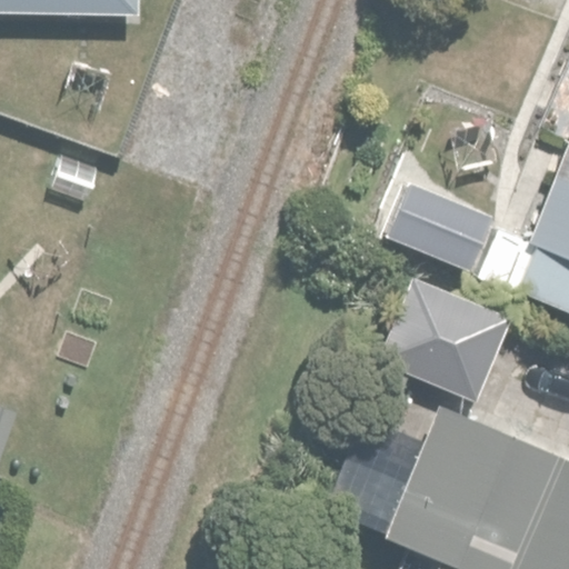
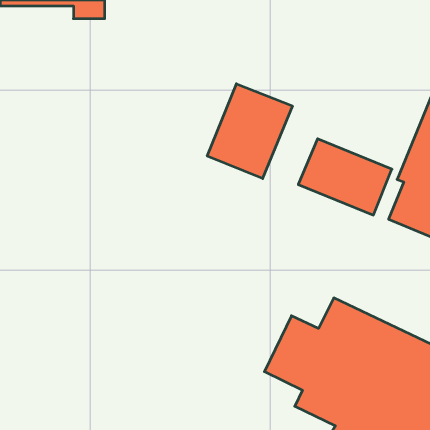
building: none -> [207,84,292,179]
building: [388,293,506,395] -> none

